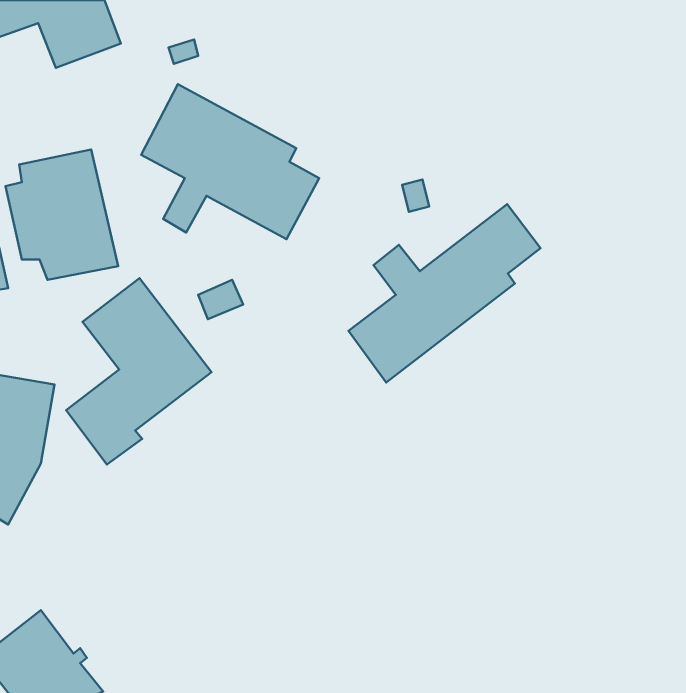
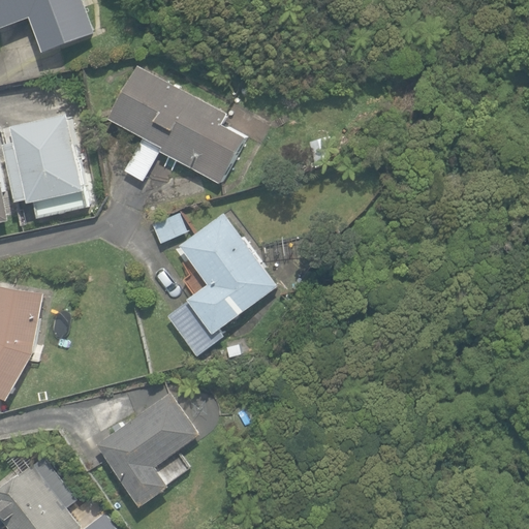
building: [348,204,541,382] -> none
building: [66,278,211,464] -> [165,214,276,355]
building: none -> [96,393,197,505]

